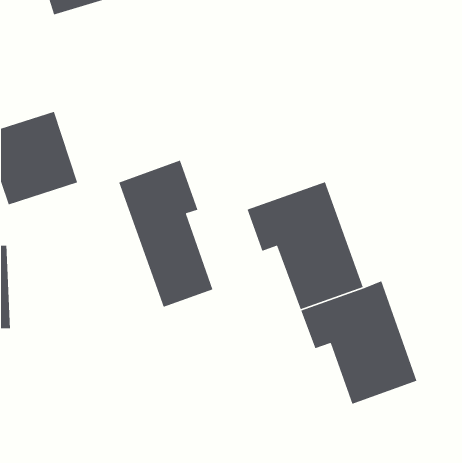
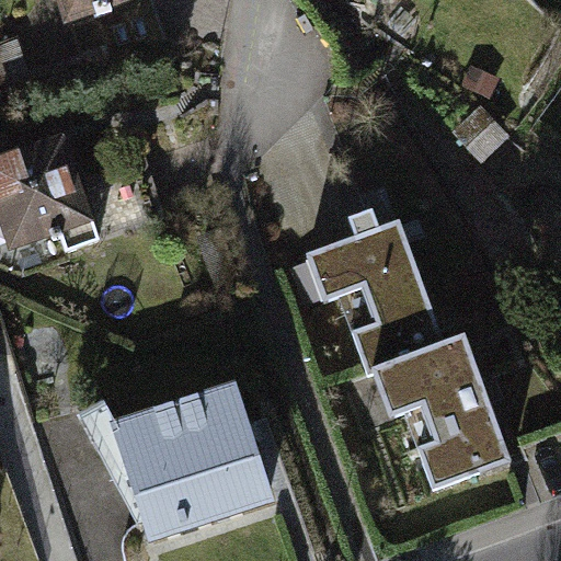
building: [118,159,213,308] -> none
building: none -> [125,390,274,536]

